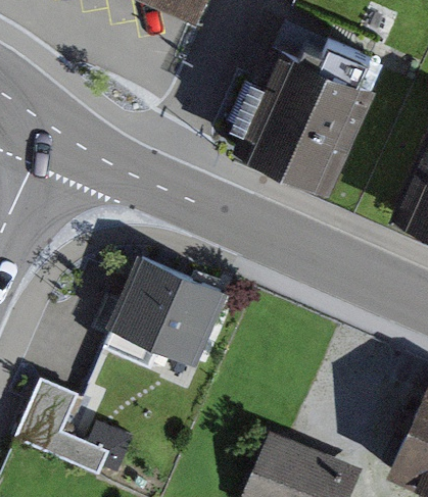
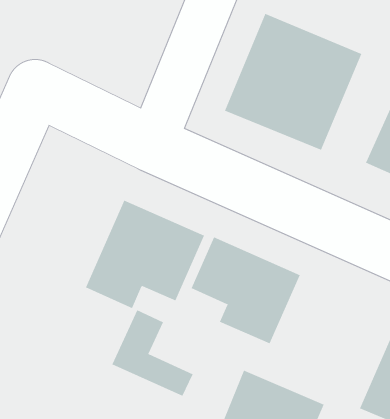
building: none -> [191,237,301,344]
building: [20,383,107,475] -> [112,309,194,396]

